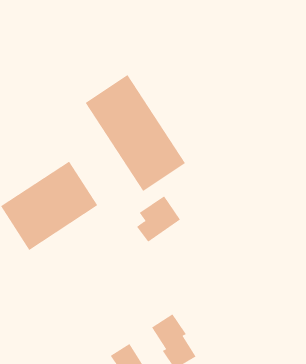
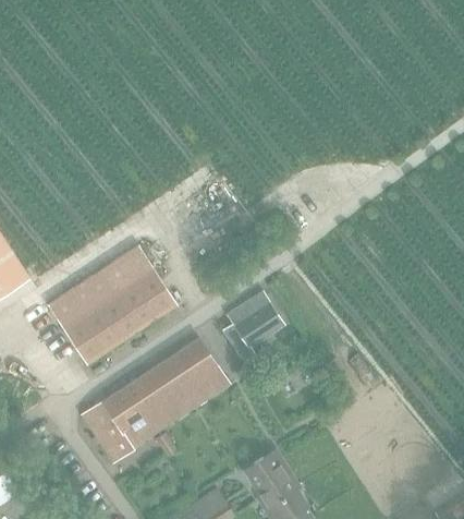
building: [85,74,186,192] -> none
building: none -> [83,338,230,461]

